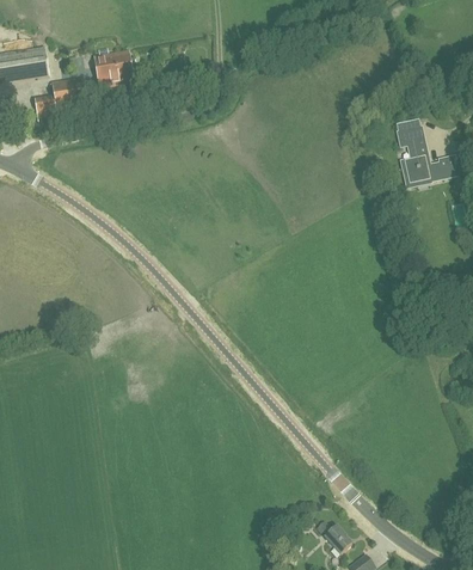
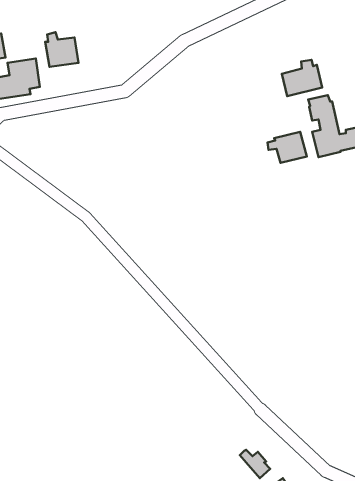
building: none -> [282,60,322,96]
building: none -> [268,132,307,163]

